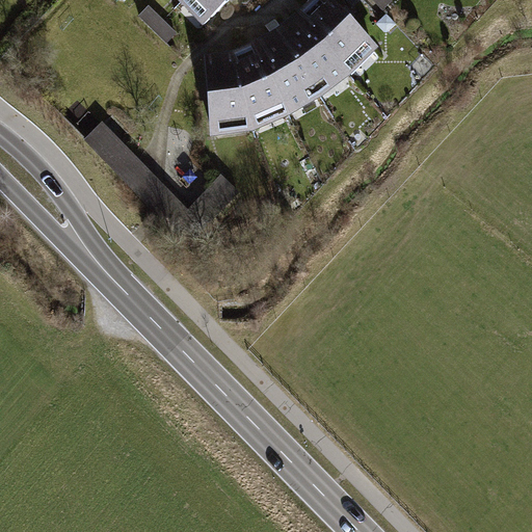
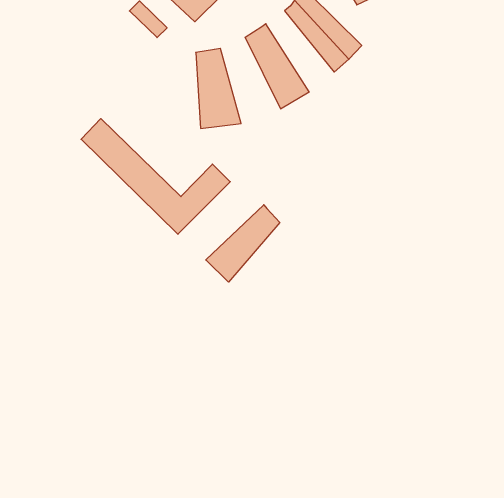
building: [280,11,351,97] -> none
building: [232,39,295,130] -> none
building: none -> [206,205,280,282]

